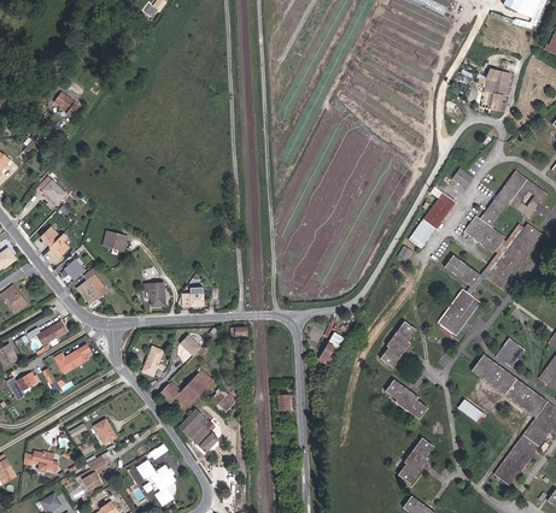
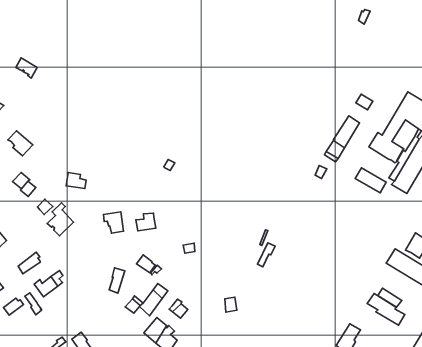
building: [481,67,514,110] -> none
building: [438,289,480,336] -> none
building: [380,322,416,367] -> none
building: [385,379,428,419] -> [367,294,405,325]

